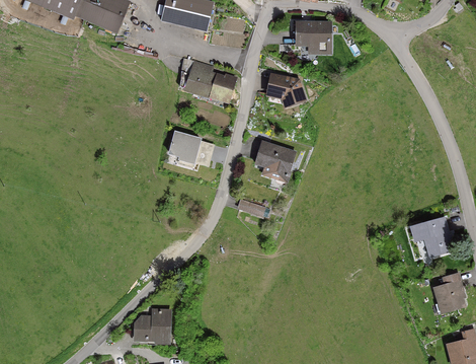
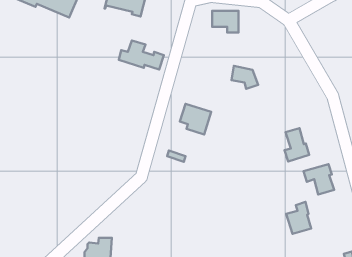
building: [268,76,302,105] -> [232,66,258,89]
building: [170,131,201,162] -> none
building: none -> [285,128,309,162]
building: [432,273,464,313] -> [286,202,311,234]

